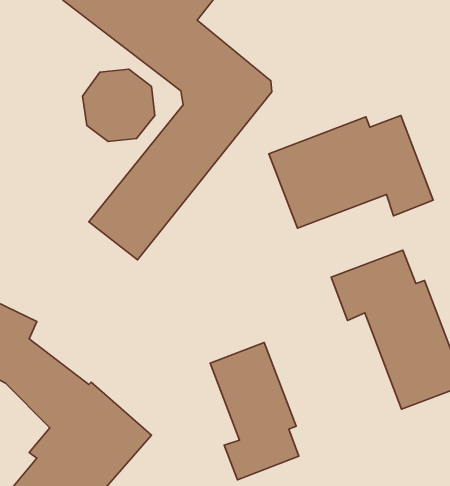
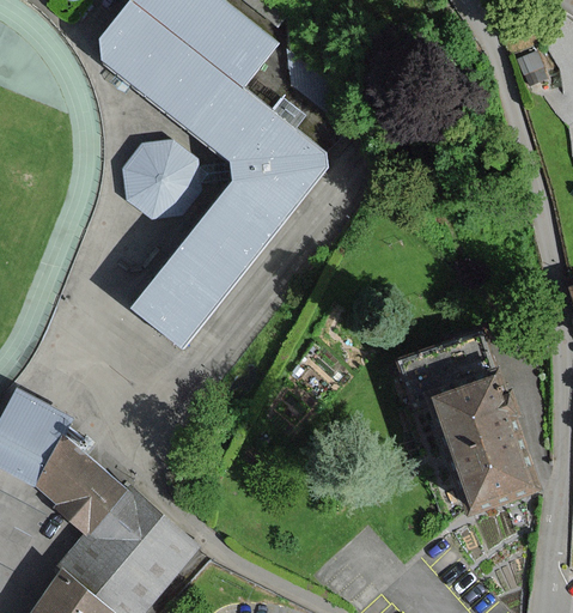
building: [269,115,433,228] -> none
building: [210,343,299,480] -> none

